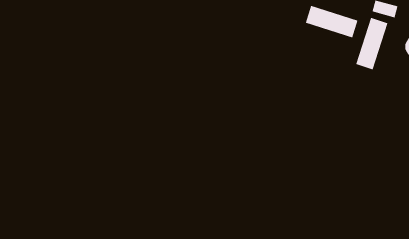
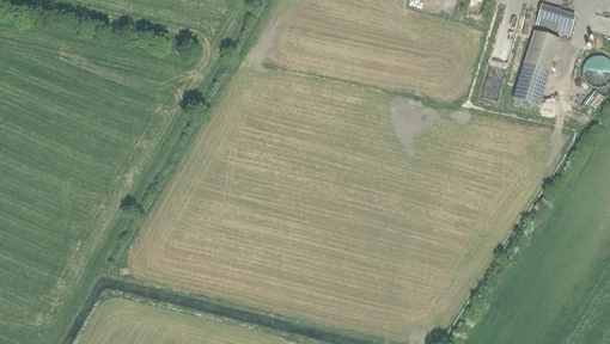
building: [305,5,358,39] -> none

